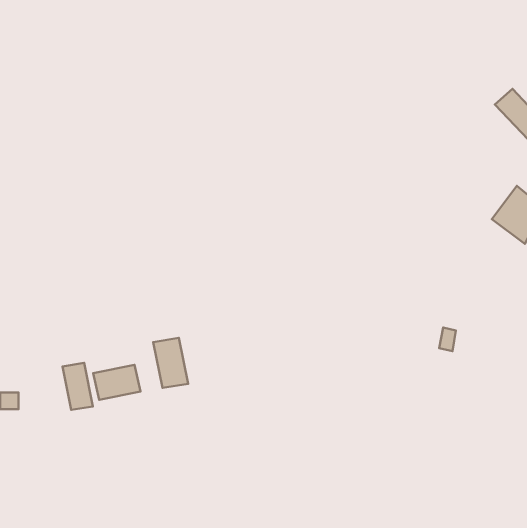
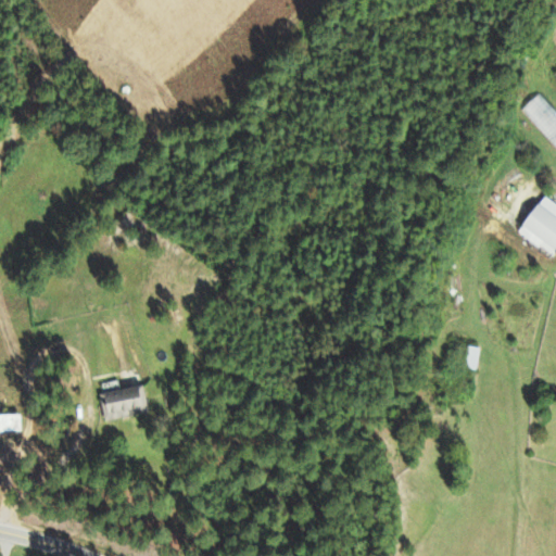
building: [153,338,188,388] -> none
building: [62,363,93,410] -> none

